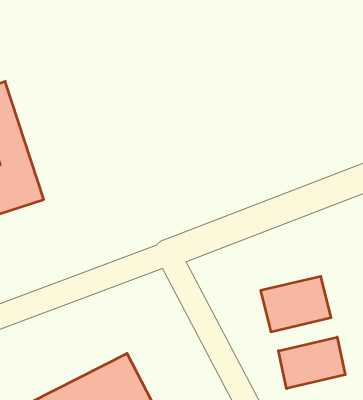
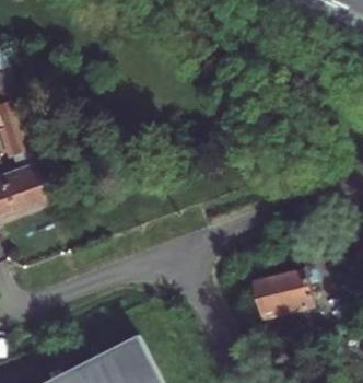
building: [278,337,345,389] -> none

